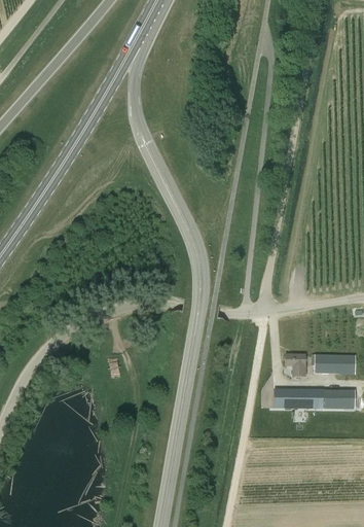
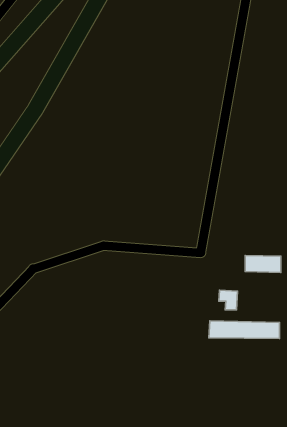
building: [314,354,355,374] -> [245,255,281,272]

